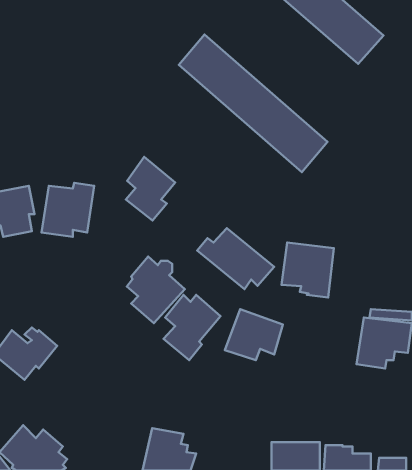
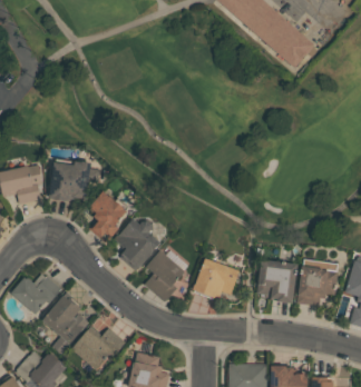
building: [179,34,328,172] -> none
building: [126,157,175,221] -> [87,190,126,240]
building: [197,228,274,289] -> none
building: [281,242,334,298] -> [255,260,296,304]
building: none -> [39,291,88,353]
building: none -> [71,327,126,368]

